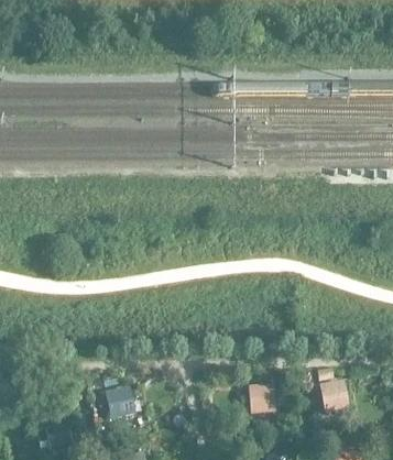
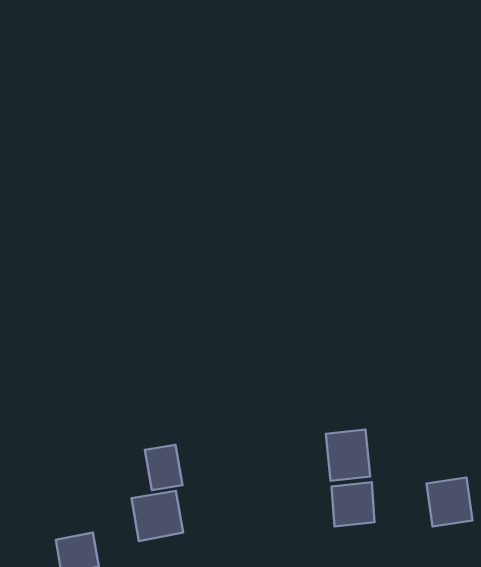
building: none -> [326,430,370,481]
building: none -> [145,445,182,490]

